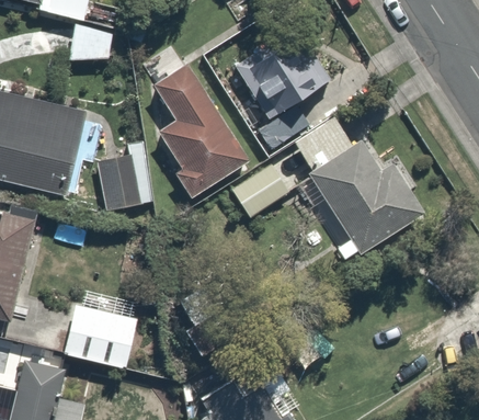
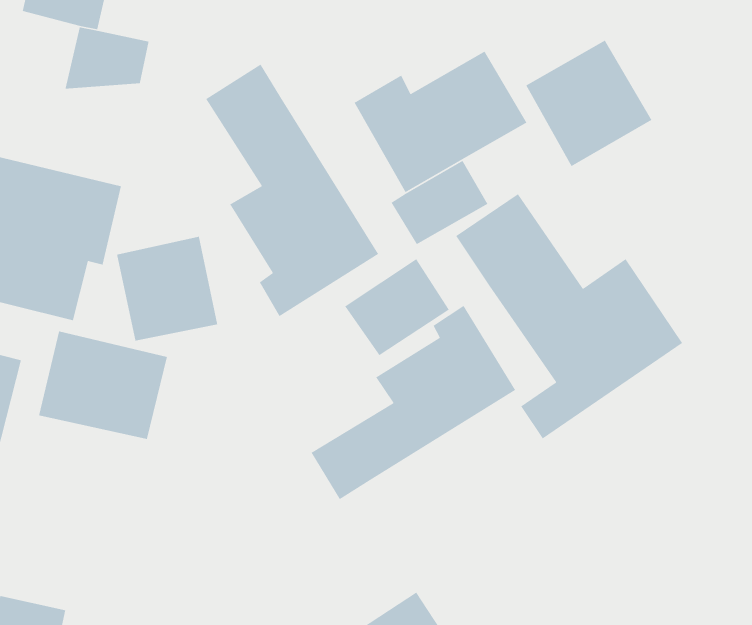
building: none -> [525,40,652,167]
building: none -> [311,305,516,500]
building: [60,304,137,368] -> [38,331,168,440]

